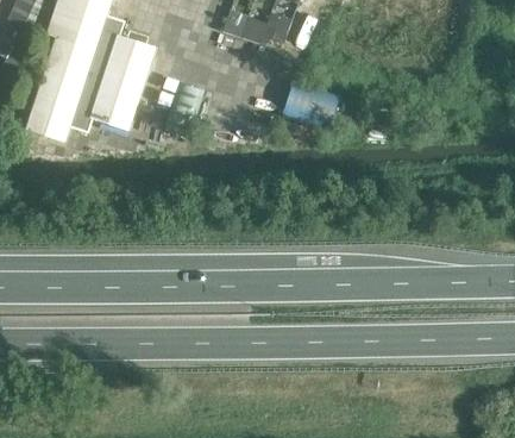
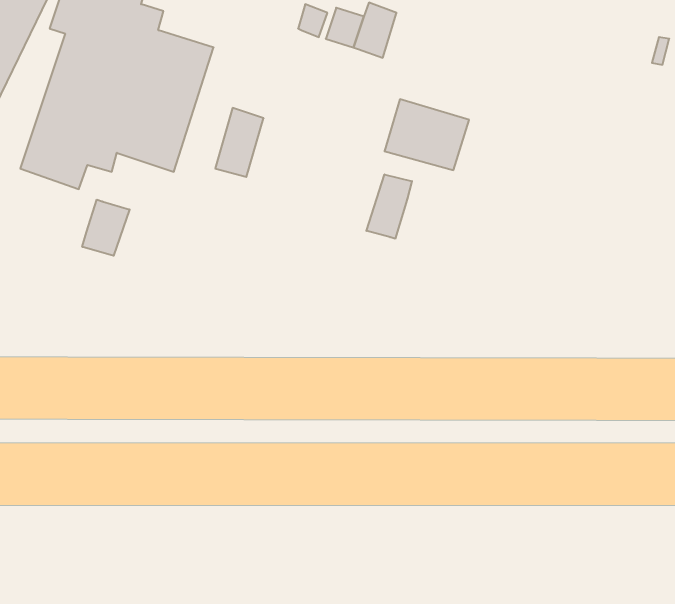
building: none -> [366,174,412,239]
building: none -> [82,200,130,256]

